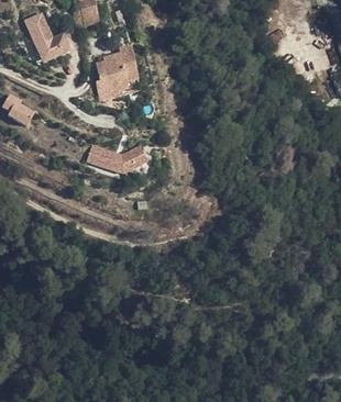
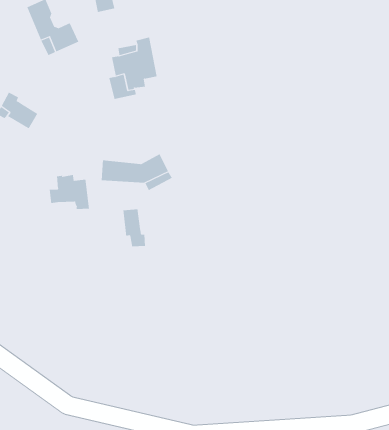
building: none -> [49,174,89,210]
building: none -> [123,208,145,247]

